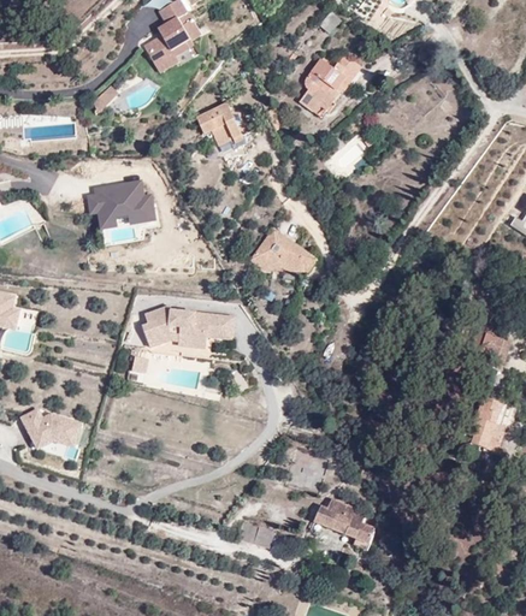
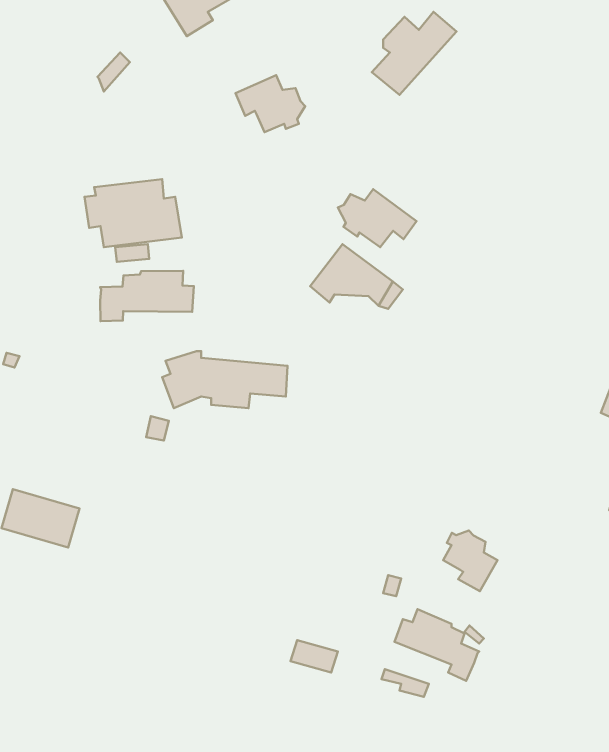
building: none -> [338,189,416,247]
building: none -> [100,271,194,321]
building: none -> [443,530,498,591]

